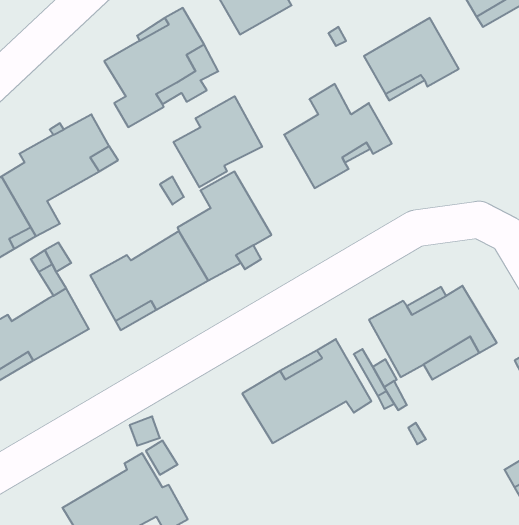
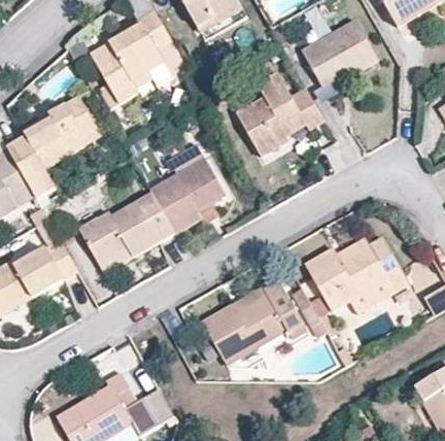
building: [174,96,262,187] -> none

